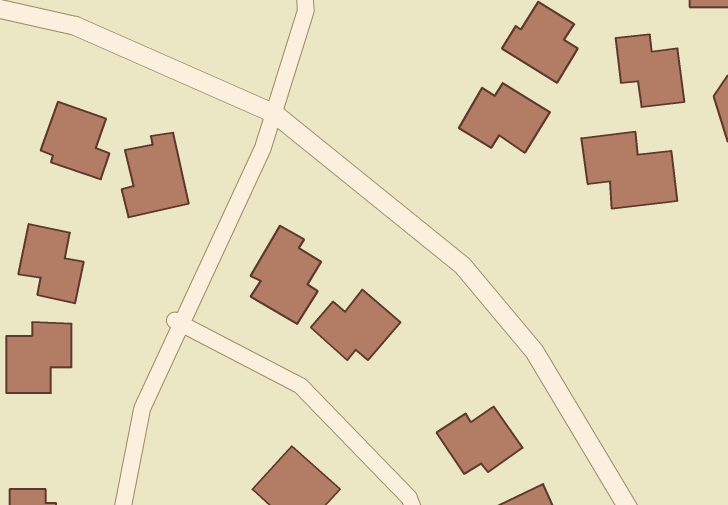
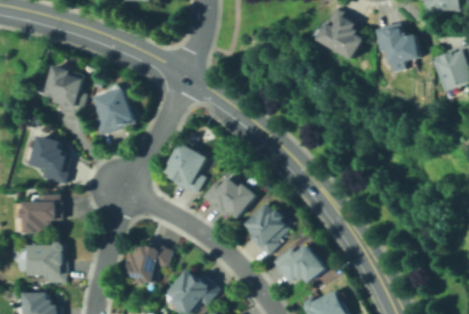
building: [459,83,550,153] -> none
building: [581,132,677,209] -> none
building: none -> [246,203,288,253]
building: none -> [122,238,176,285]
building: none -> [25,244,65,281]

